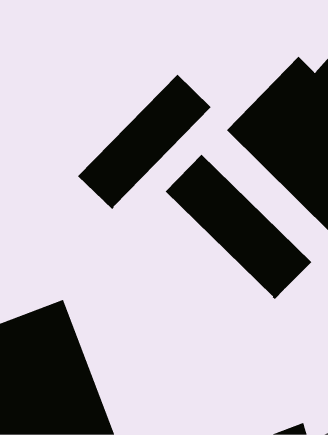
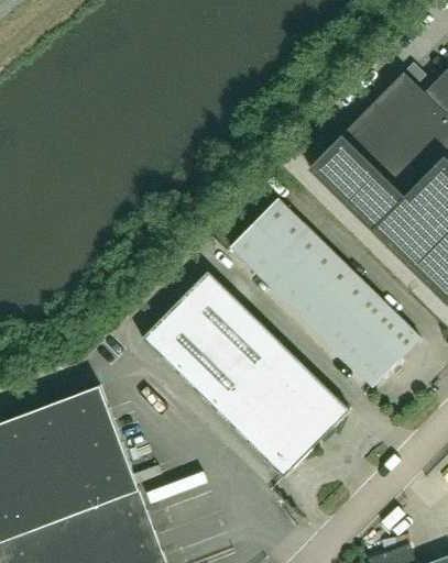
building: [77,74,212,210] -> none
building: none -> [142,272,350,477]

